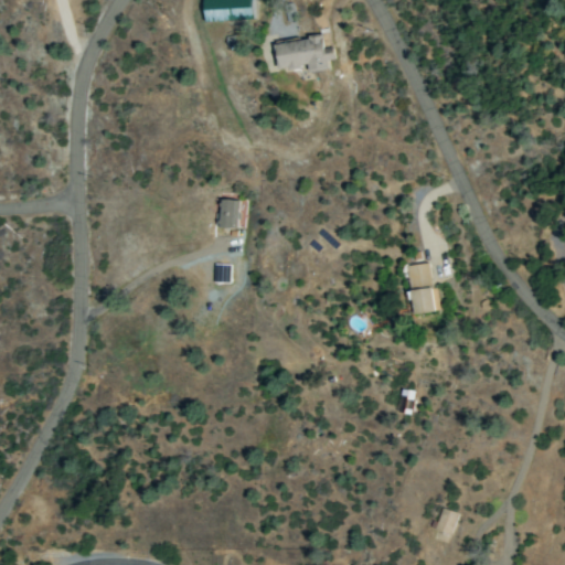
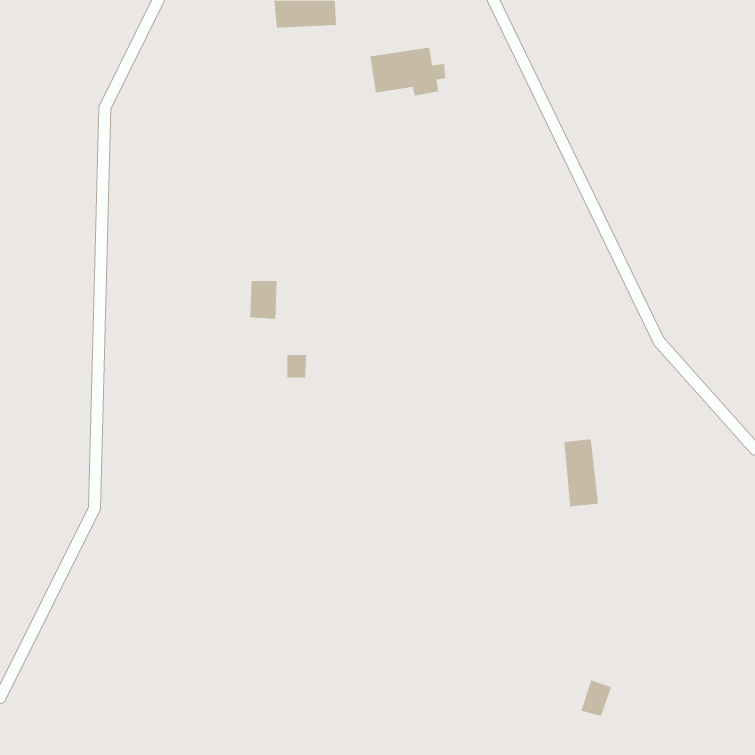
building: [218,200,239,228] -> [249,281,277,319]
building: [408,263,435,313] -> [563,439,599,507]

